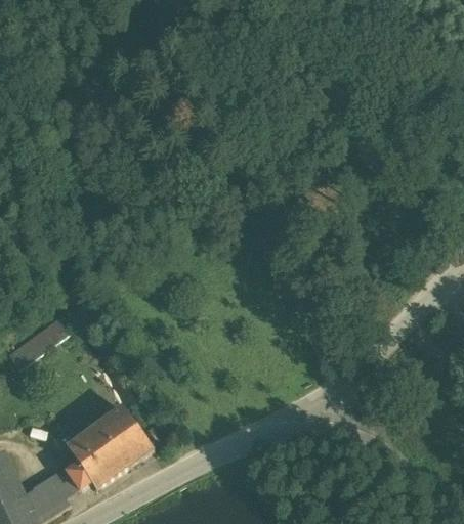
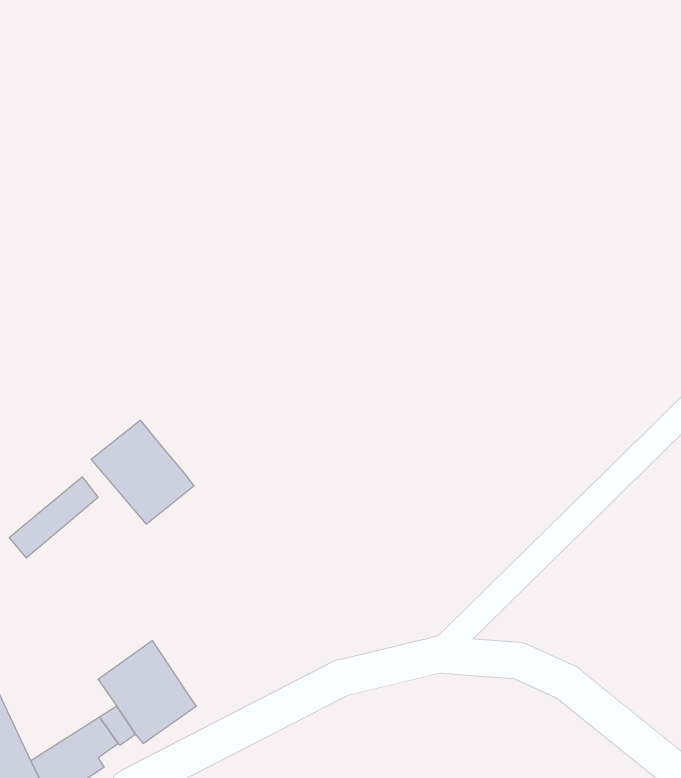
building: none -> [91,420,194,524]
building: [101,407,153,464] -> none

